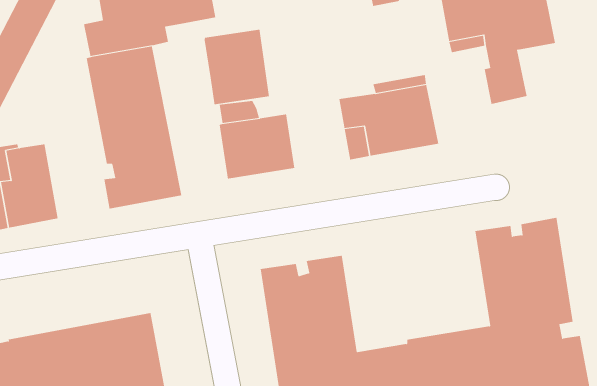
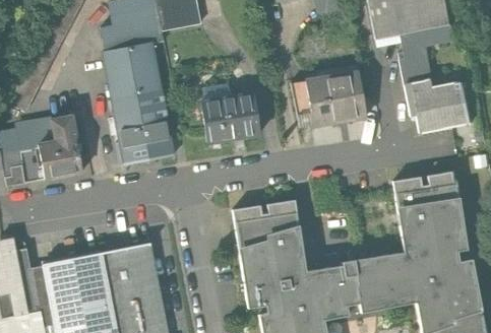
building: [204,29,269,105] -> none
building: none -> [406,81,471,134]

